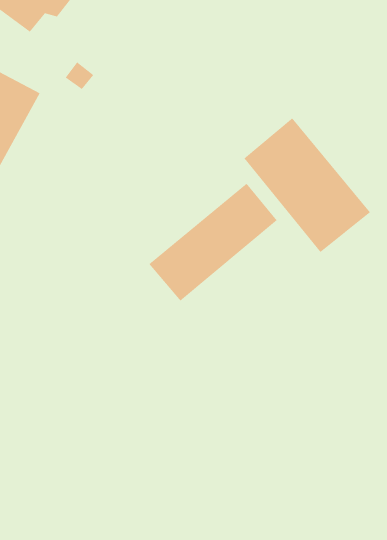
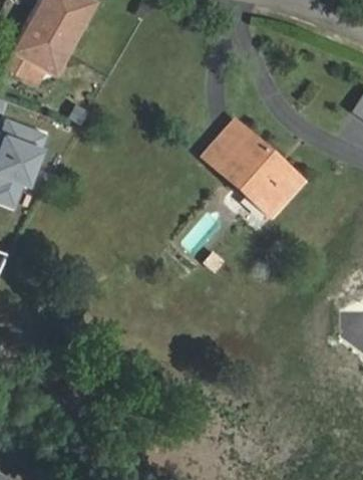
building: [148,183,277,301] -> none

